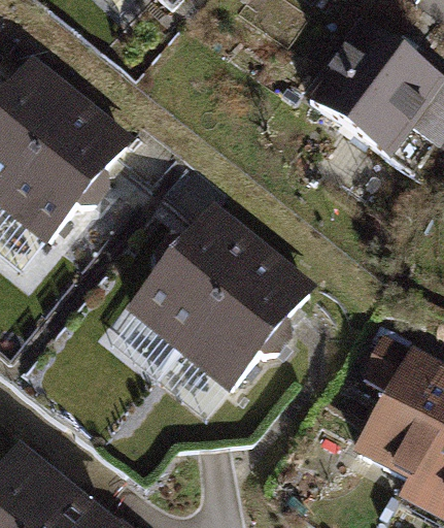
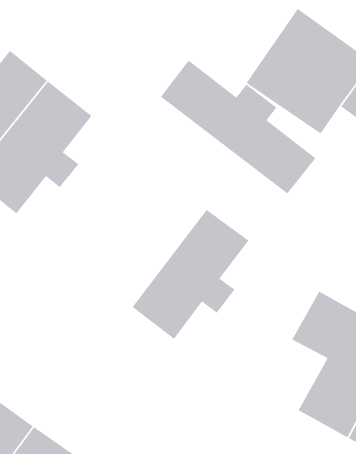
building: none -> [160,59,316,194]
building: [122,204,259,350] -> none

